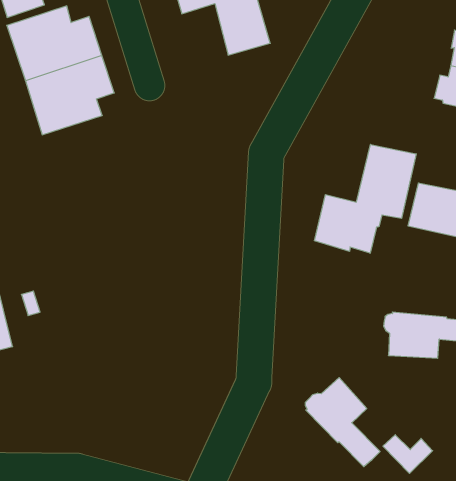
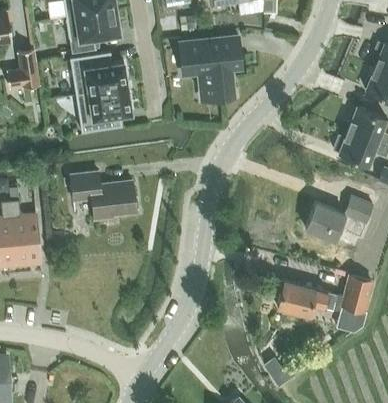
building: [315,144,416,253] -> none
building: none -> [70,172,136,220]
building: [305,378,380,467] -> none

